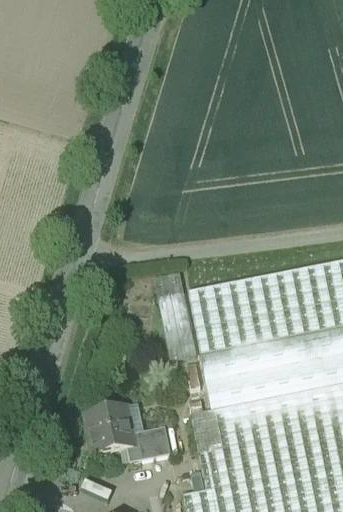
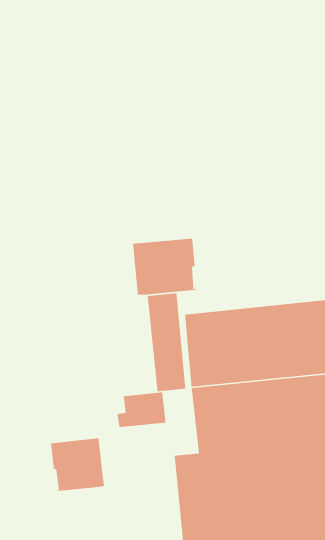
building: none -> [132,238,198,296]
building: [130,425,174,460] -> [117,392,167,428]

